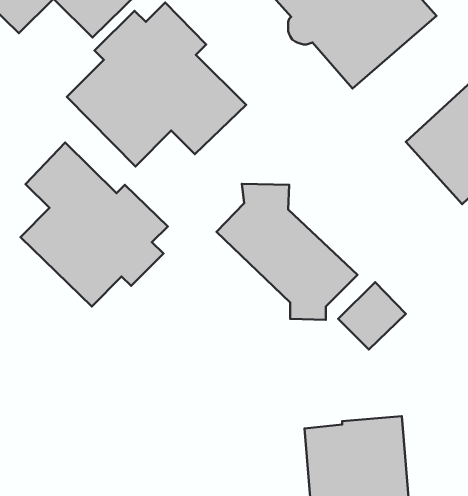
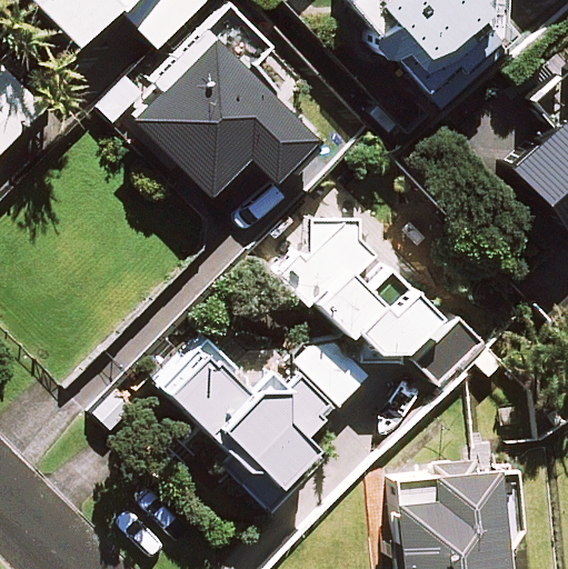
building: [21,142,168,307] -> none
building: none -> [166,329,367,506]

